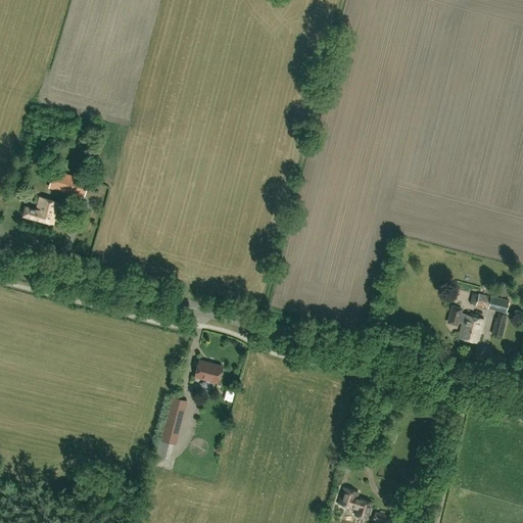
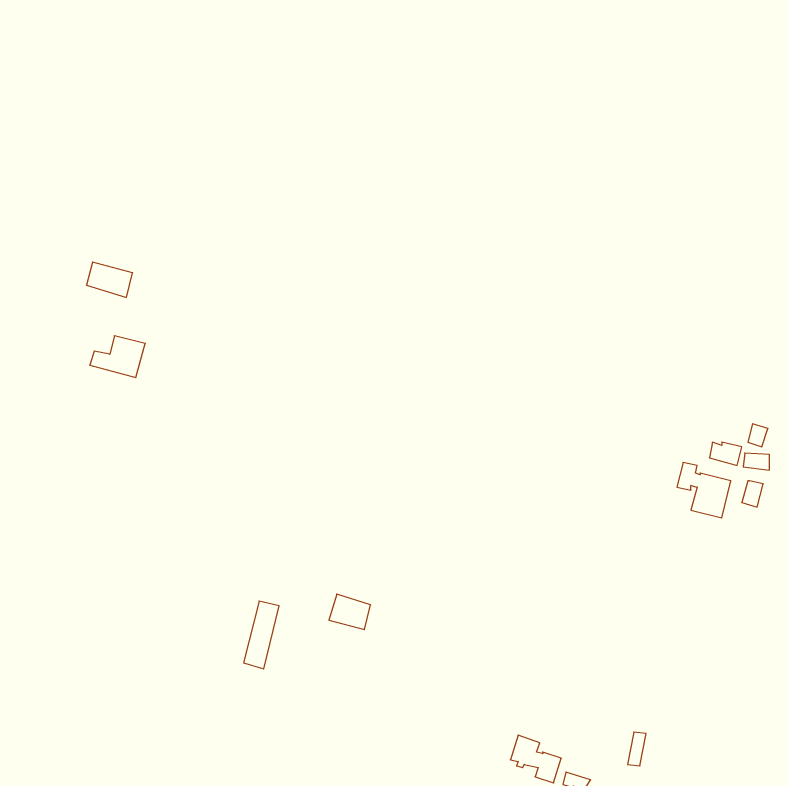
building: [22,198,59,226] -> [90,336,145,377]
building: [194,361,222,384] -> [329,594,371,630]

